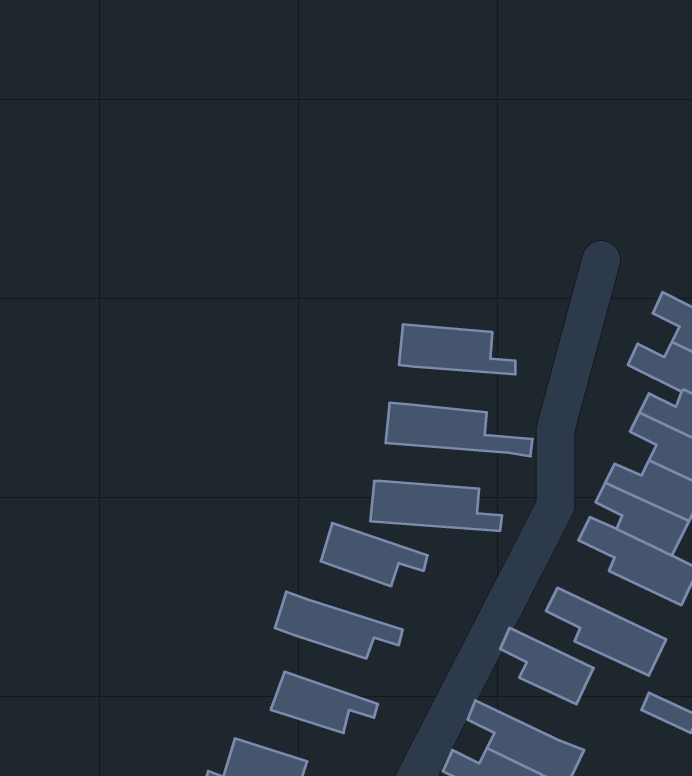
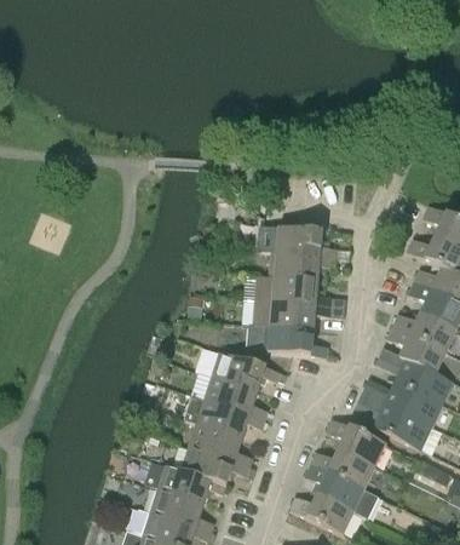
building: none -> [270,252,335,281]
building: none -> [251,300,345,329]
building: none -> [203,375,268,419]
building: none -> [362,379,441,425]
building: none -> [189,423,252,466]
building: none -> [310,449,374,489]
building: none -> [143,459,226,503]

